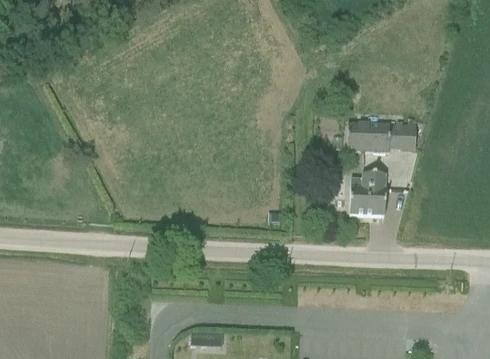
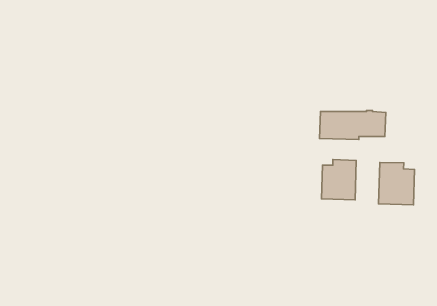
building: none -> [378,163,415,205]

